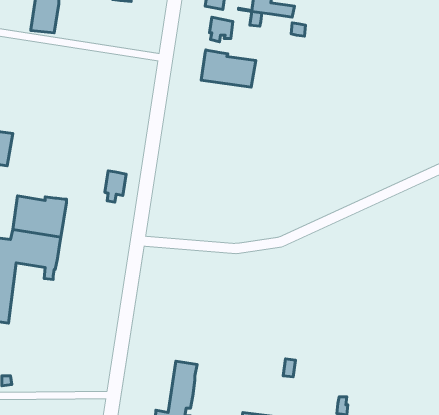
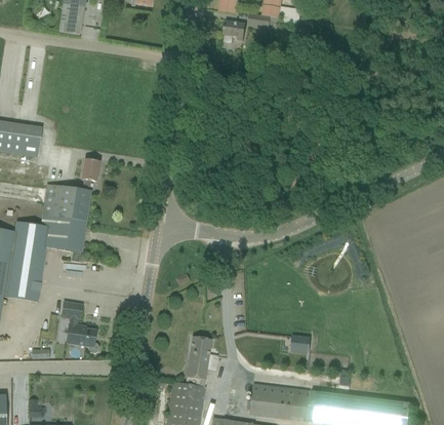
building: [201,50,256,87] -> none
building: [105,171,126,202] -> [80,159,99,188]
building: none -> [62,302,98,353]

